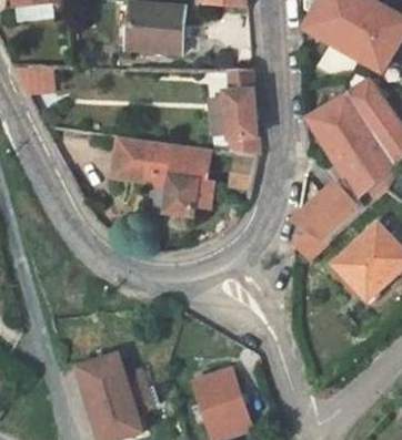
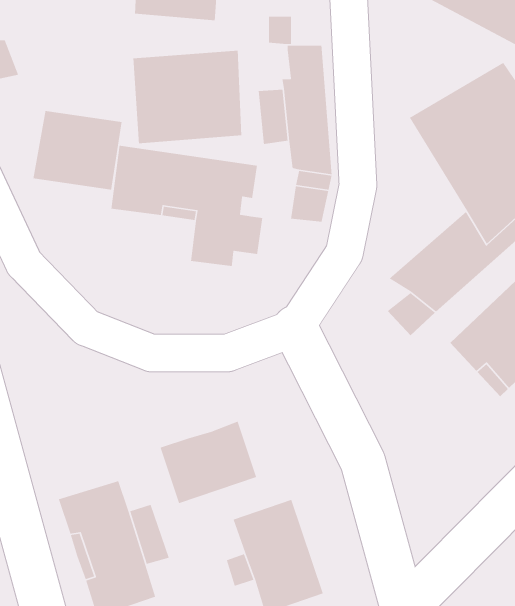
building: none -> [133,50,242,144]
building: none -> [33,110,123,191]
building: none -> [159,421,257,504]

